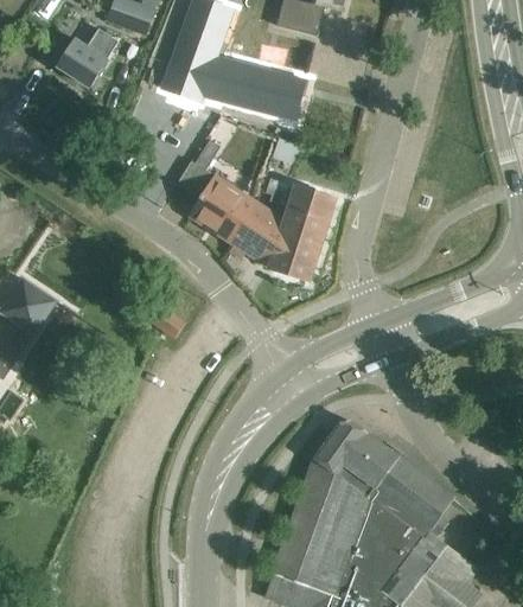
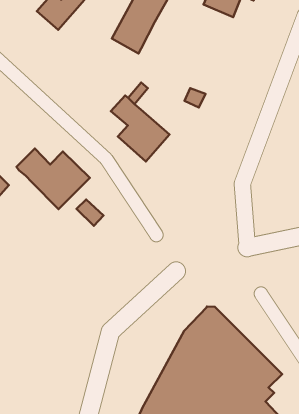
building: [222,62,306,120] -> none
building: [231,178,334,280] -> none
building: none -> [16,148,90,209]

